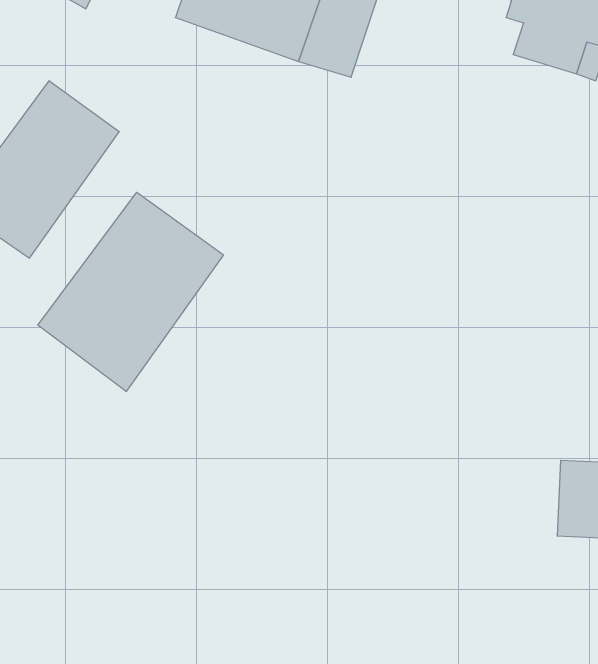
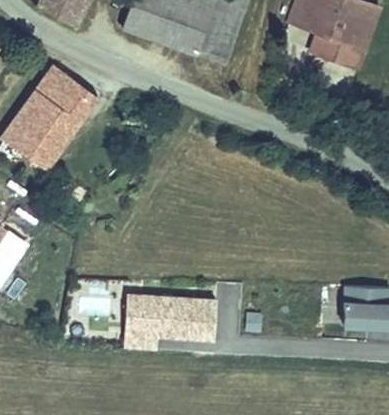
building: [38,192,223,392] -> none
building: none -> [122,289,219,352]

